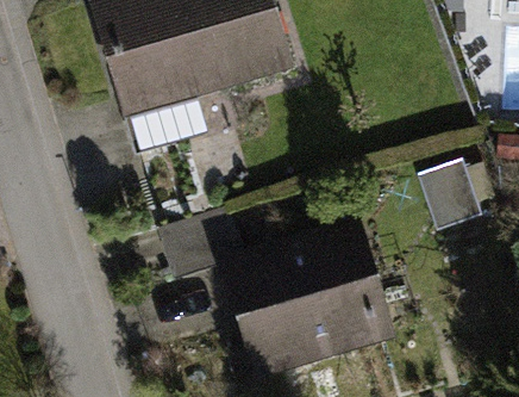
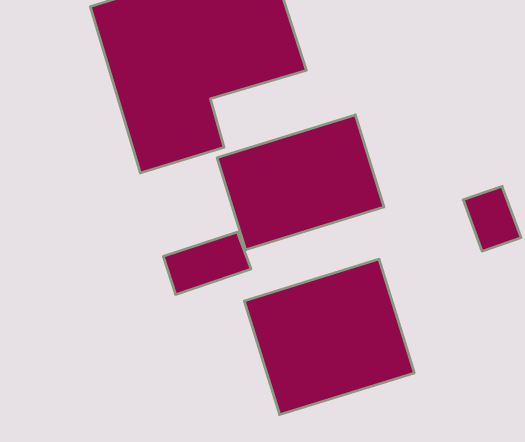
building: none -> [217,115,384,250]

